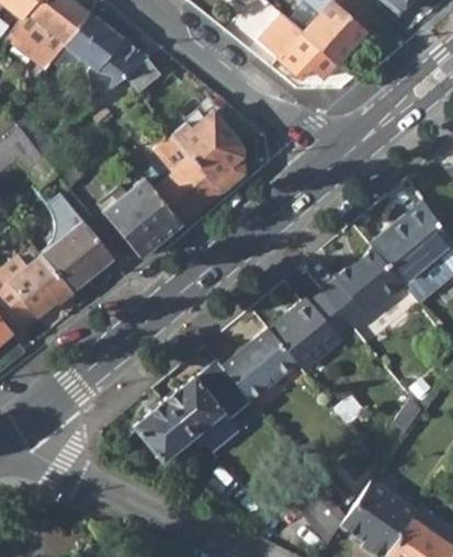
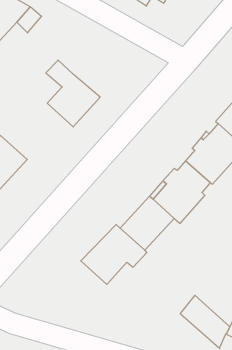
building: [174,110,245,190] -> none
building: [103,178,181,257] -> none
building: [134,401,194,464] -> none

